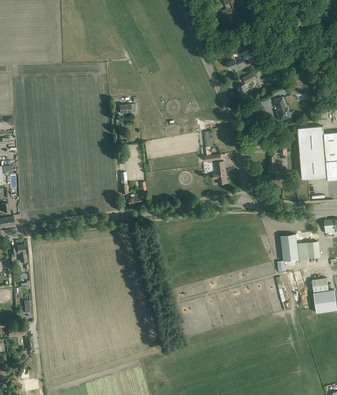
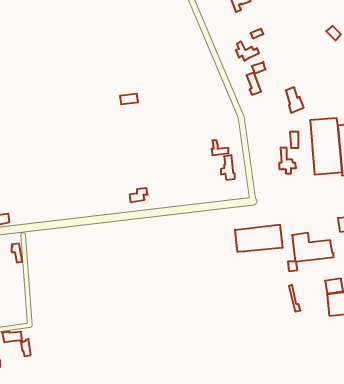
building: none -> [235,225,283,252]

